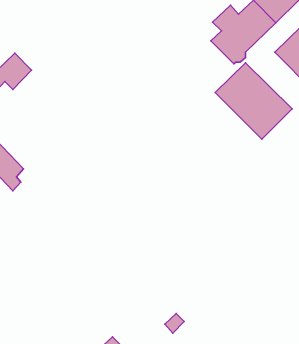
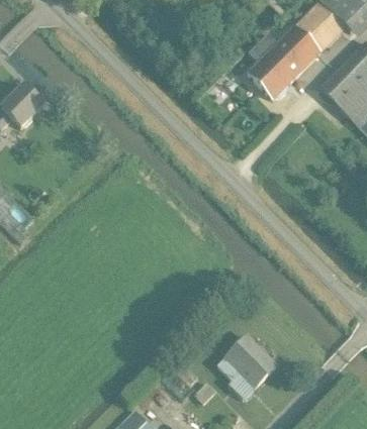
building: [215,63,292,139] -> none
building: none -> [218,333,277,398]

